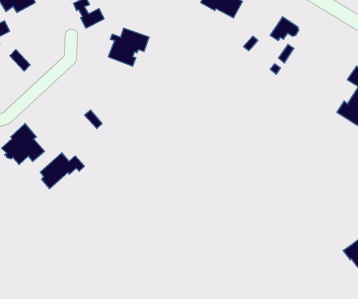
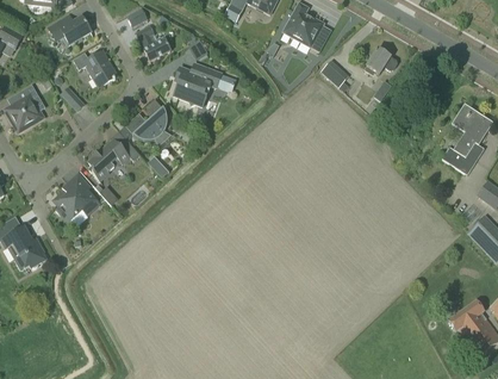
building: none -> [73,51,117,86]
building: none -> [124,99,167,141]
building: [40,153,84,189] -> [88,138,139,180]

